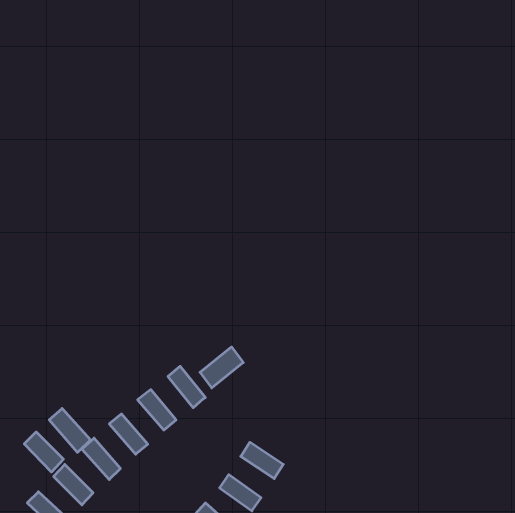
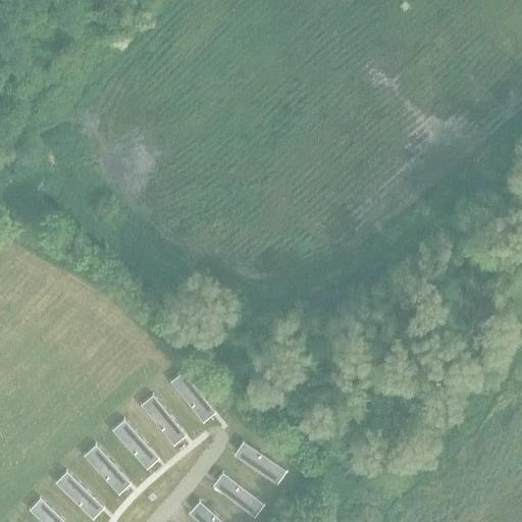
building: [200,347,243,388] -> none
building: [49,408,90,452] -> none
building: [24,432,63,472] -> none

